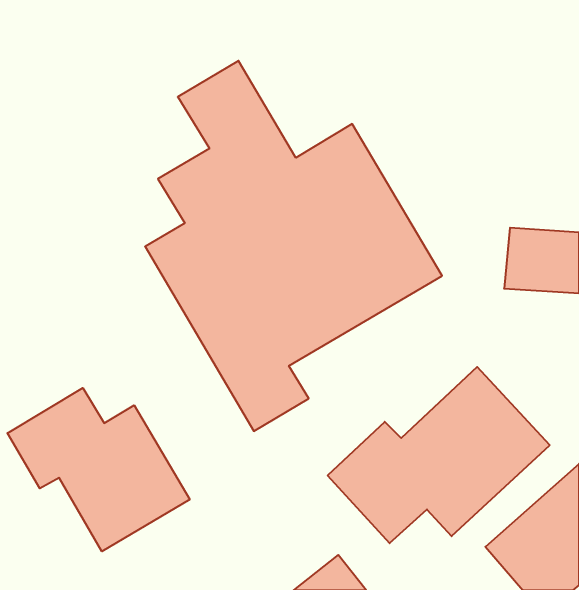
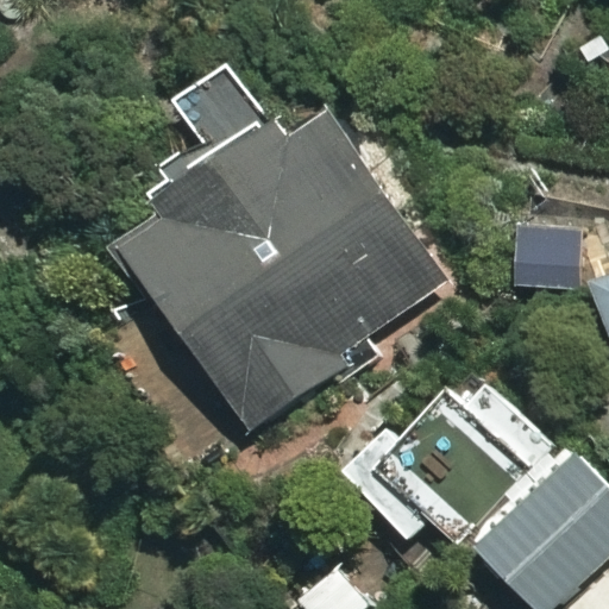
building: [7,388,190,551] -> none

